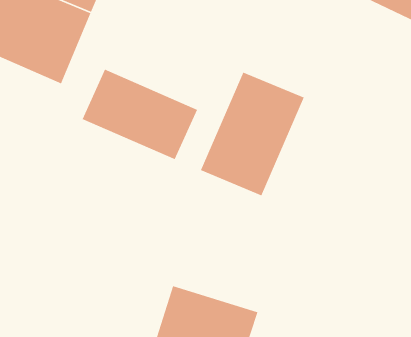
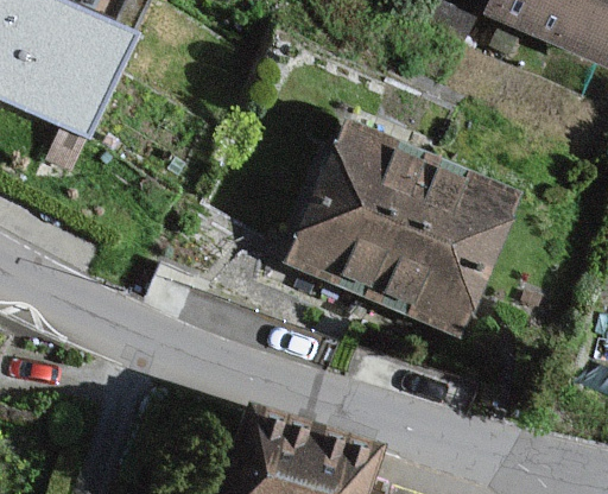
building: [82,69,198,160] -> none
building: none -> [366,159,509,332]

